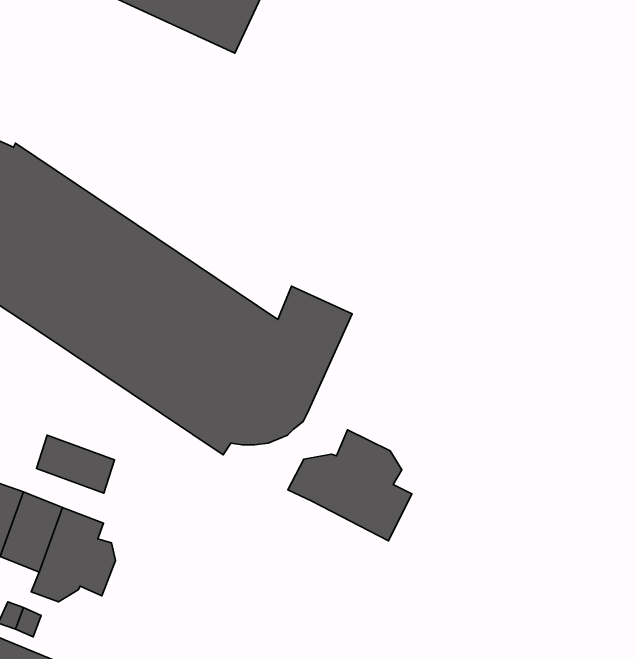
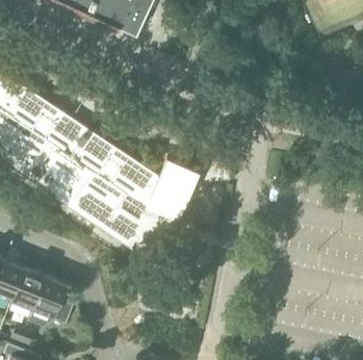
building: [288,430,412,541] -> none
building: [37,435,114,493] -> none

